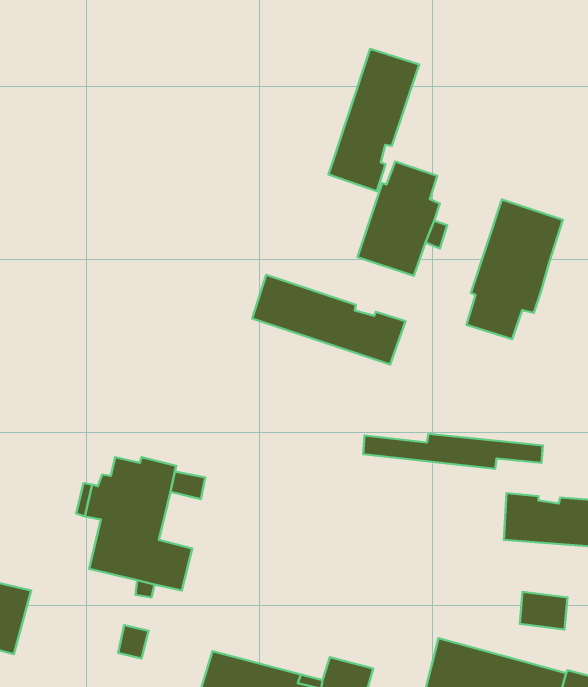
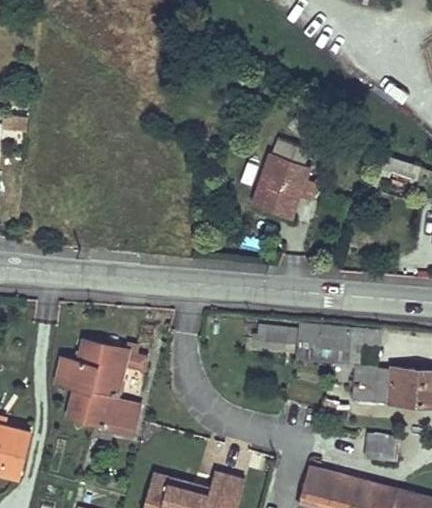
building: [329,49,419,191] -> none
building: [466,200,563,339] -> none
building: [252,275,405,364] -> none

